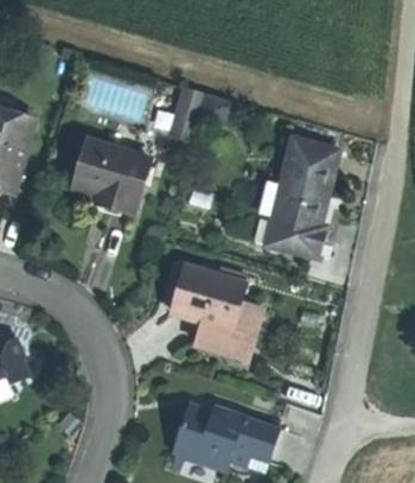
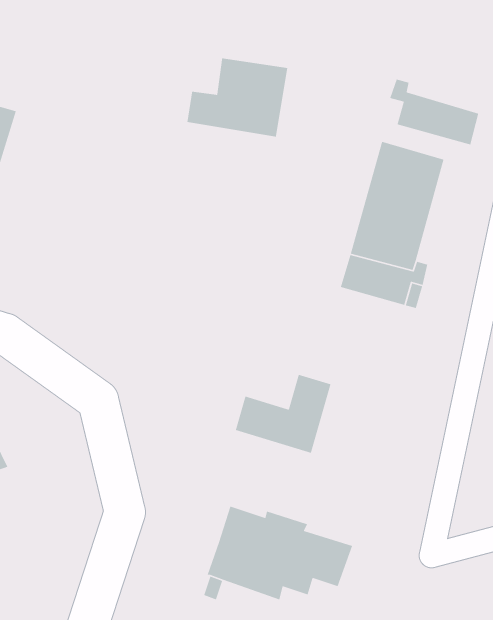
building: none -> [389,78,479,146]
building: [74,141,149,214] -> none
building: [171,268,243,332] -> none

